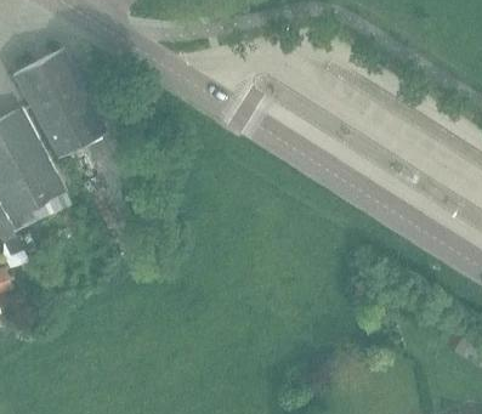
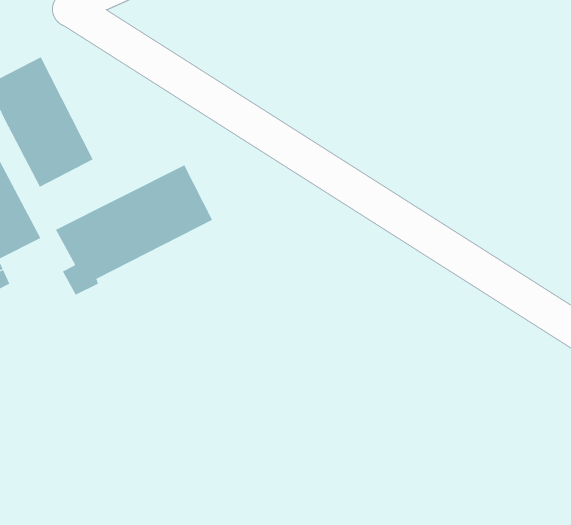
building: none -> [55,165,213,296]

